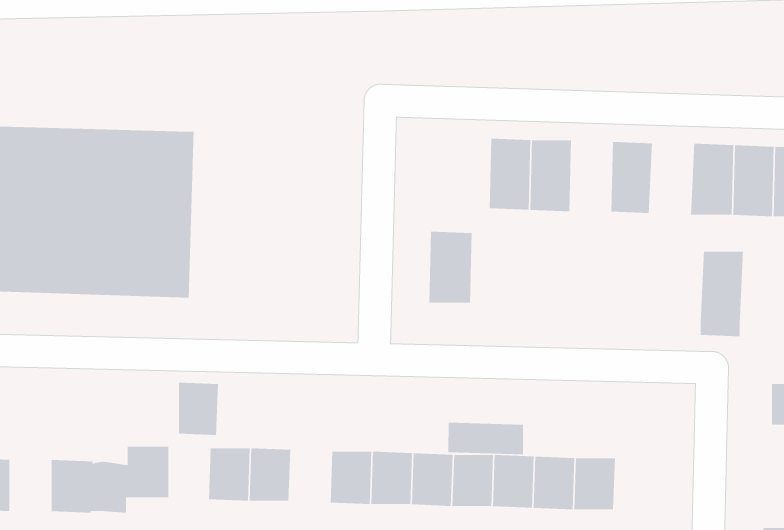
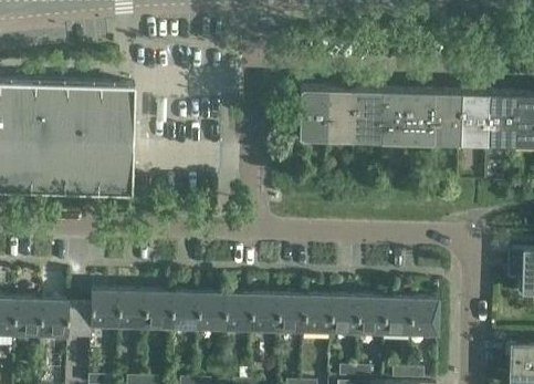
building: none -> [379,92,407,139]
building: [429,231,473,304] -> [299,90,327,137]
building: [700,251,744,337] -> [431,94,460,151]
building: [178,382,219,436] -> [117,292,144,328]
building: [448,422,524,455] -> none
building: none -> [196,294,223,330]
building: none -> [408,300,437,335]
building: none -> [13,301,40,335]

